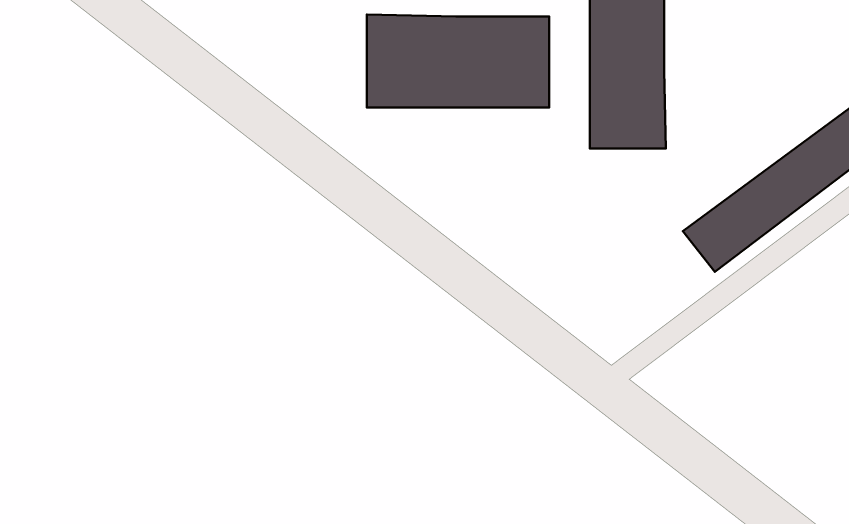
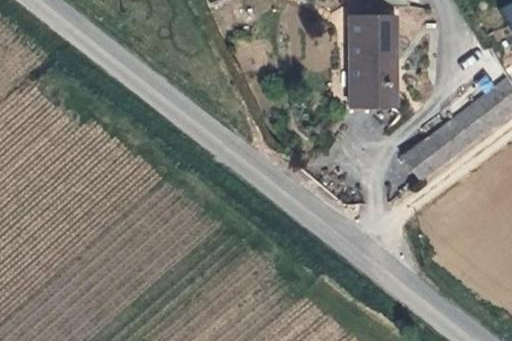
building: [367,15,549,107] -> none

